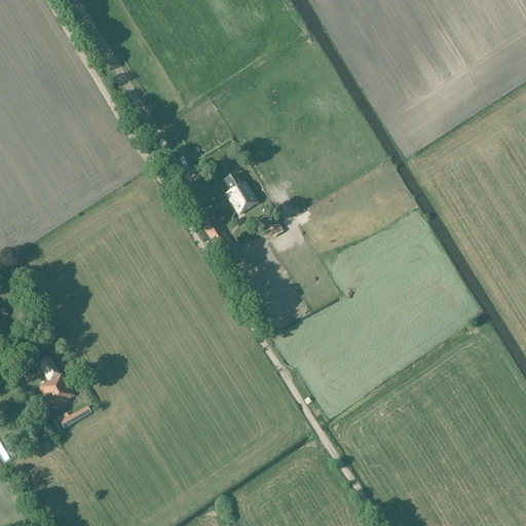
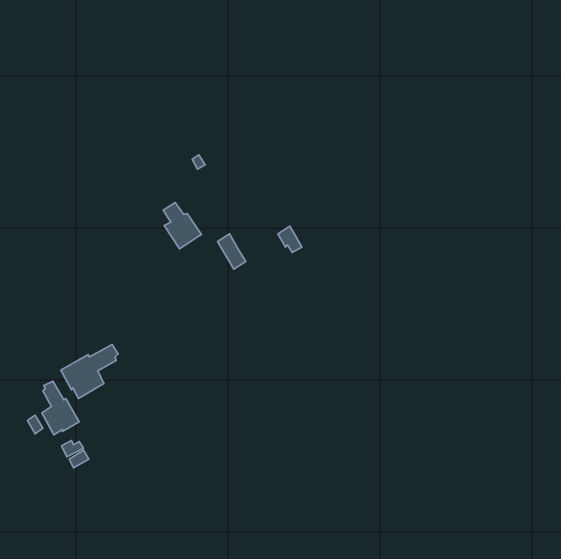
building: [223,172,259,215] -> [163,203,202,249]
building: none -> [61,344,118,399]

